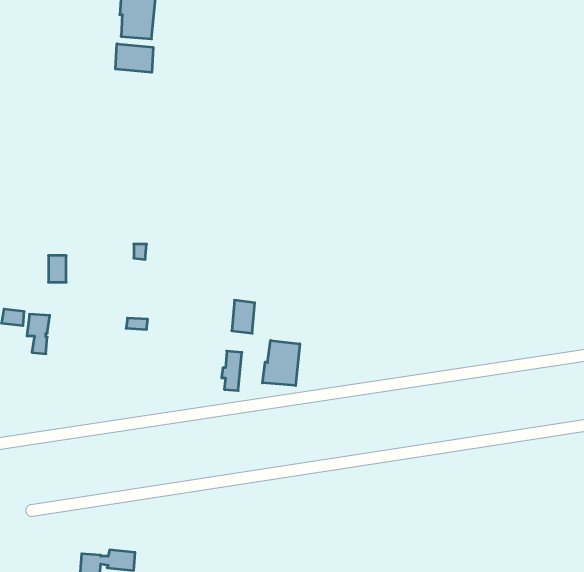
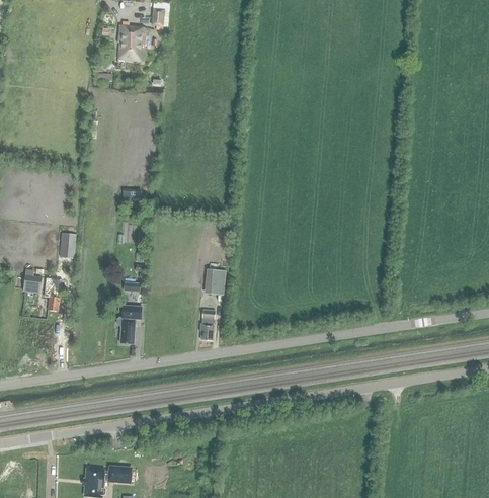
building: [116,44,153,72] -> none
building: [262,340,300,386] -> none
building: none -> [116,305,142,343]

